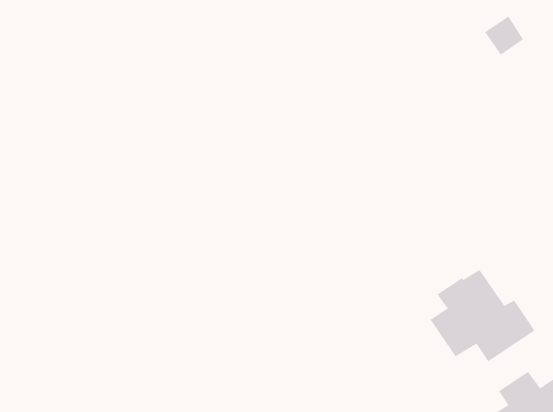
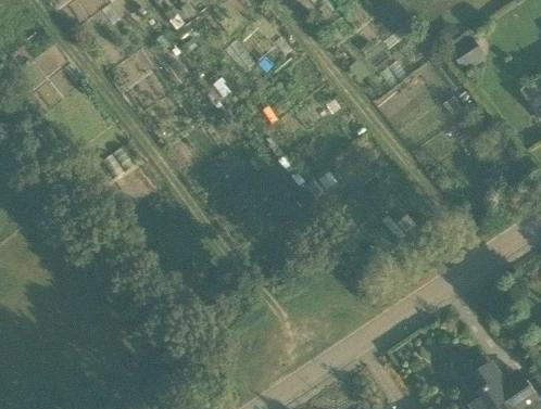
building: [430,269,535,362] -> none

